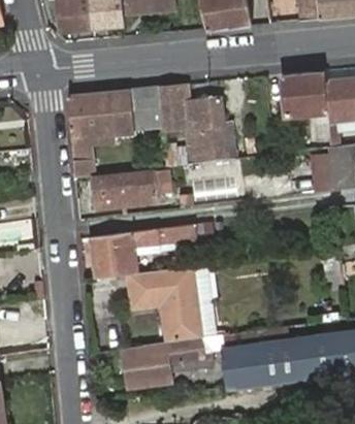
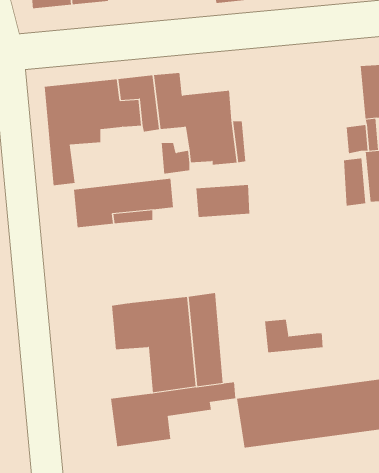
building: [283,70,328,116] -> none
building: [90,225,198,278] -> none
building: none -> [264,319,323,353]

